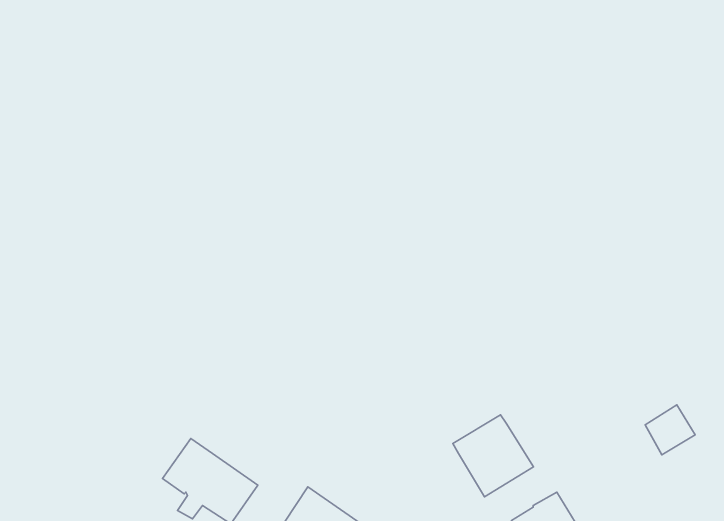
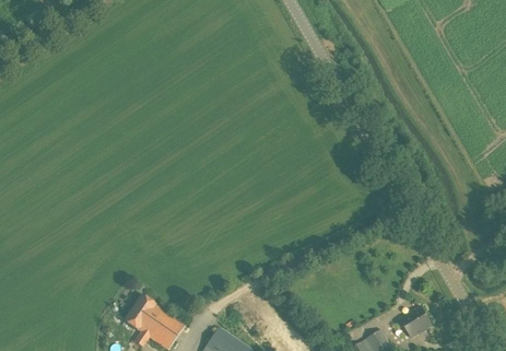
building: [645,405,695,455] -> [400,305,433,338]
building: [453,415,534,497] -> none

